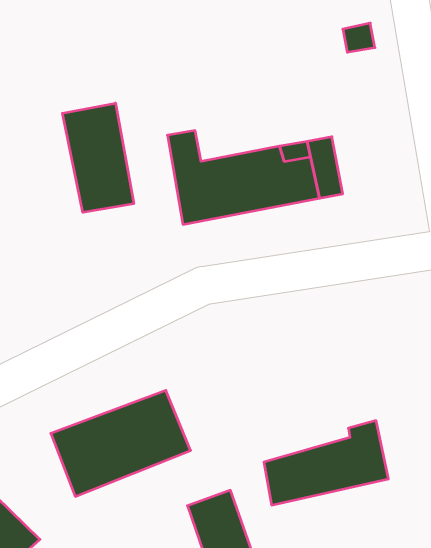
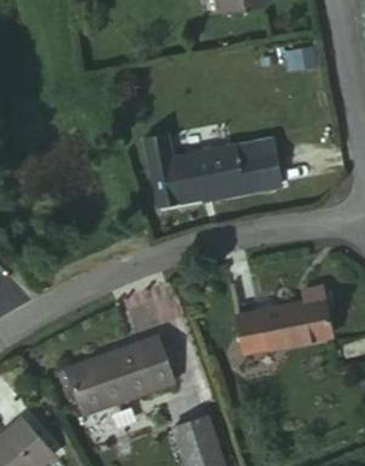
building: [62,103,134,212] -> none
building: [264,421,388,505] -> [235,290,332,356]

